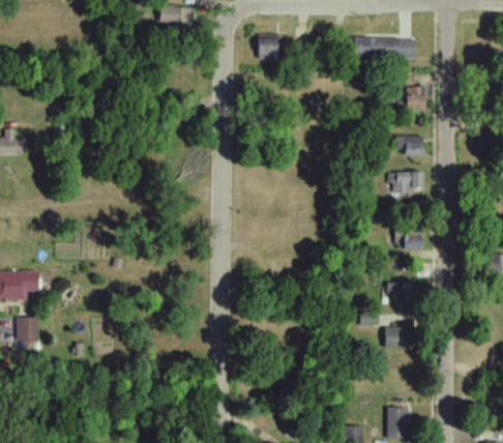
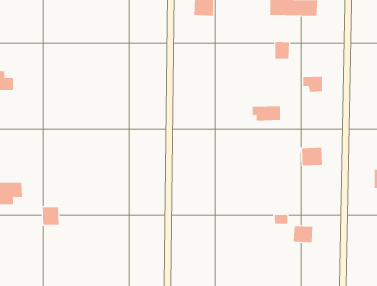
building: [405,86,424,109] -> [275,42,290,59]
building: [388,172,425,191] -> [252,106,281,121]
building: [388,282,414,304] -> none
building: [17,318,39,342] -> [42,207,60,225]

